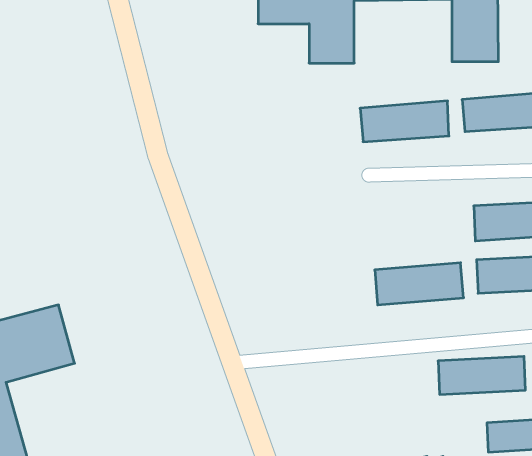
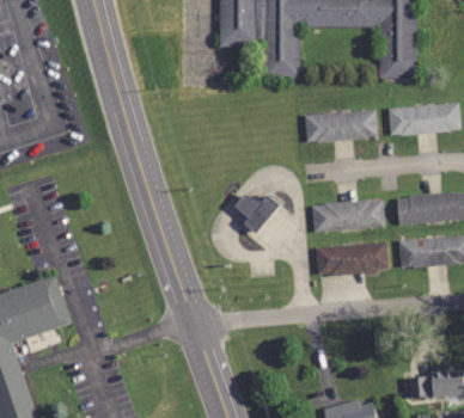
building: none -> [234,191,280,235]
building: [438,356,525,394] -> [312,199,384,230]

